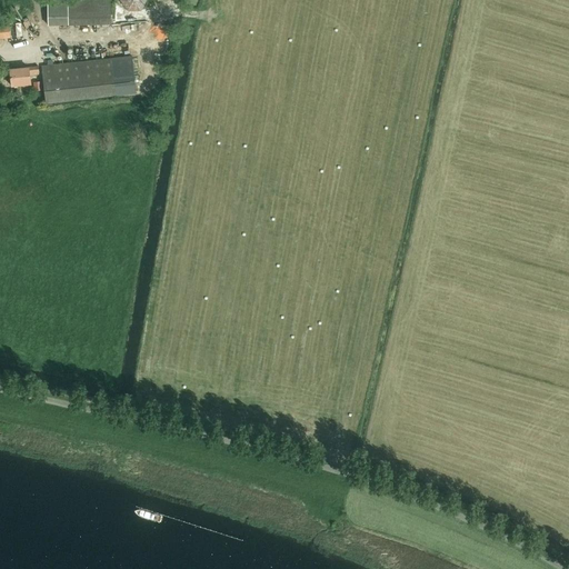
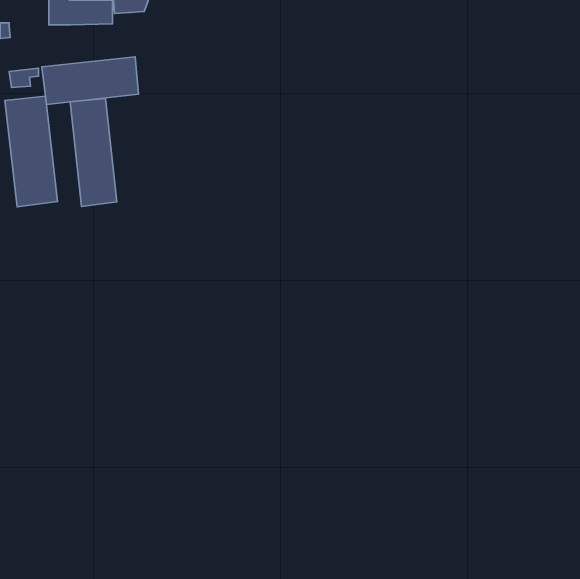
building: none -> [5,96,58,207]
building: none -> [70,98,117,207]

